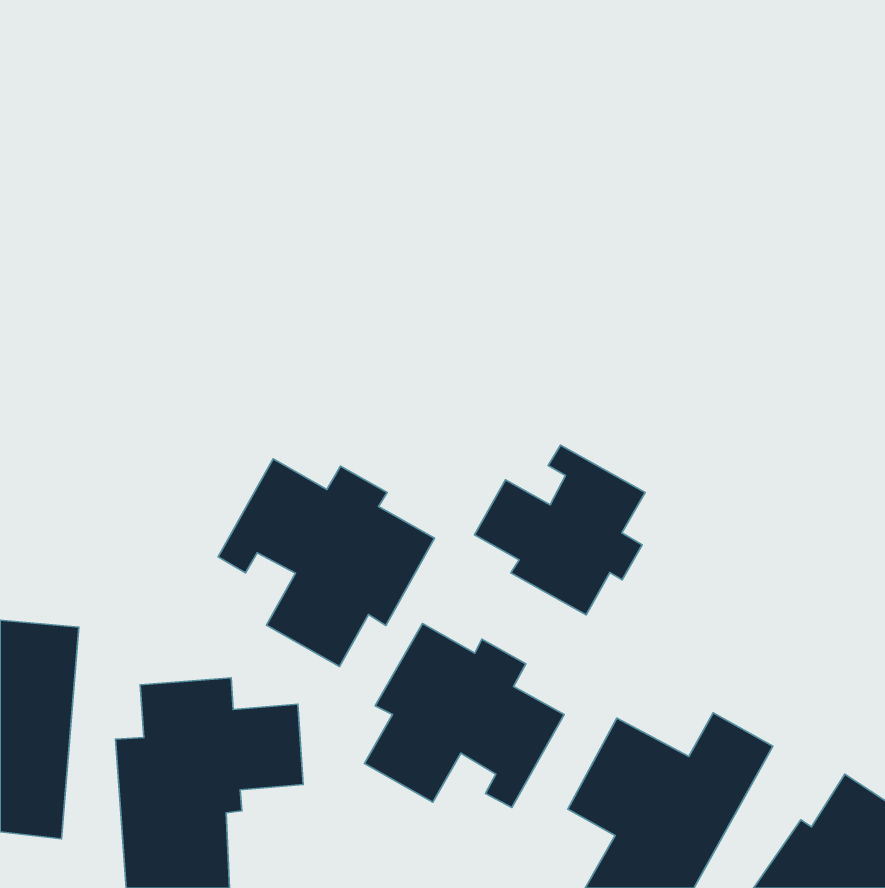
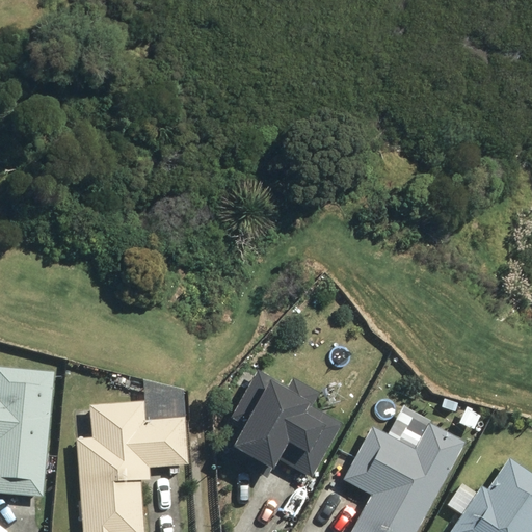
building: [474,445,645,615] -> none
building: [218,459,434,666] -> none

